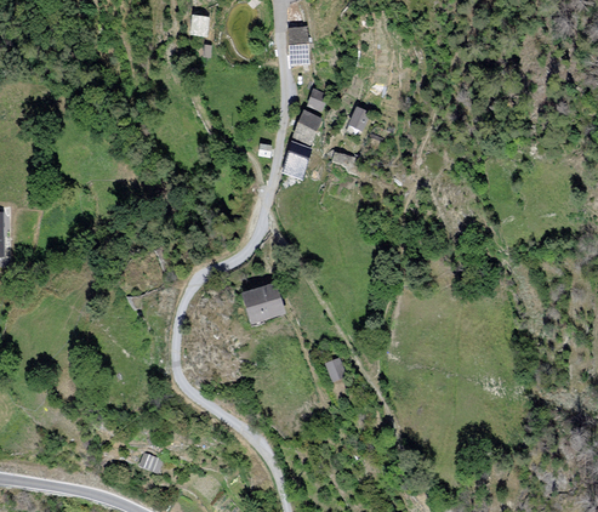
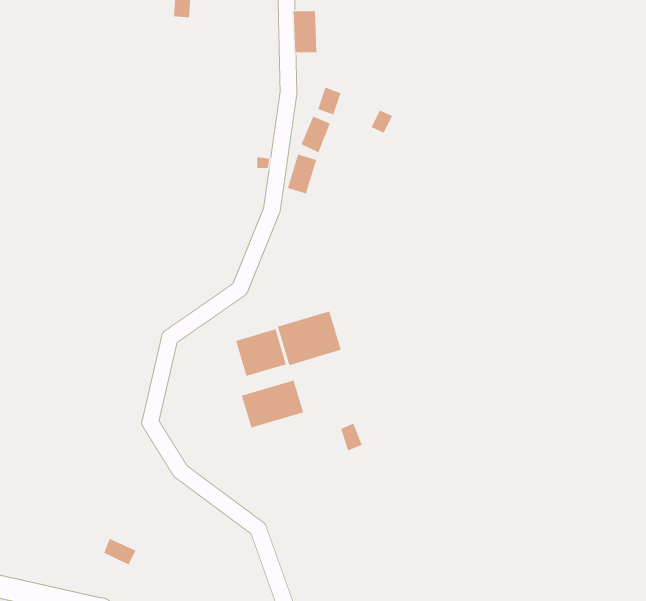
building: none -> [277,310,342,366]
building: none -> [241,380,304,429]

